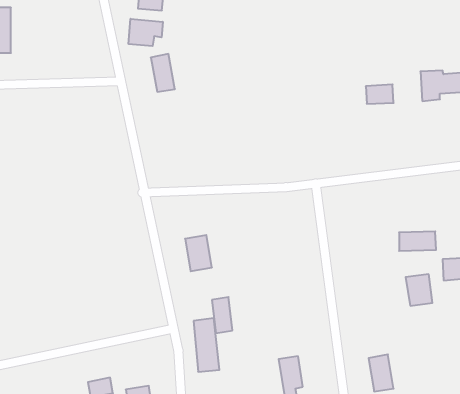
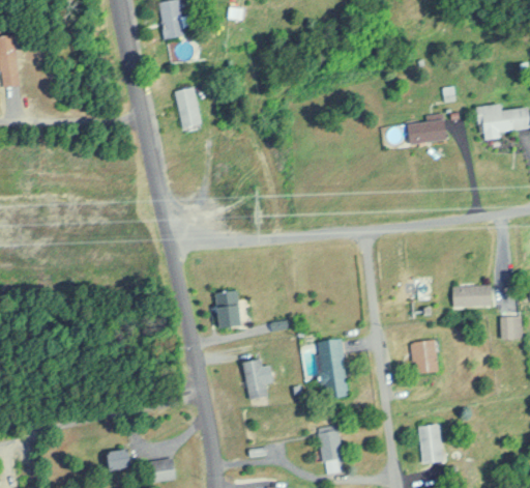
building: [129,19,163,46] -> none
building: [406,274,432,306] -> [411,339,441,374]
building: [194,318,219,372] -> [319,338,348,398]

